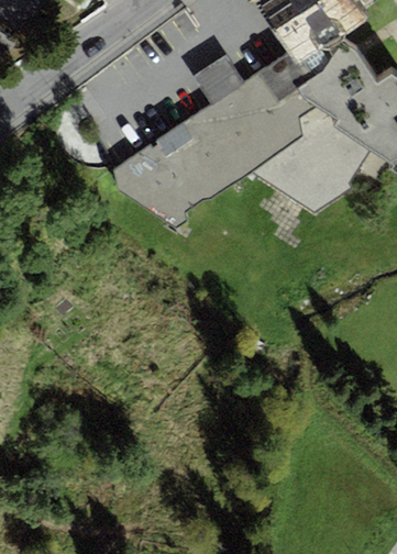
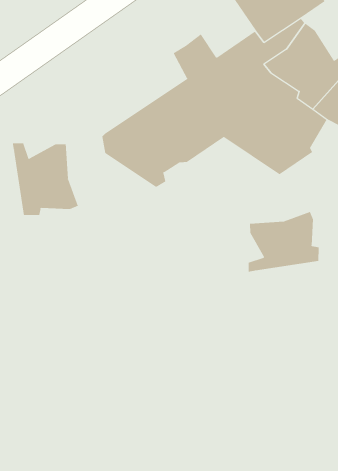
building: none -> [12,142,79,216]
building: none -> [248,211,319,273]

